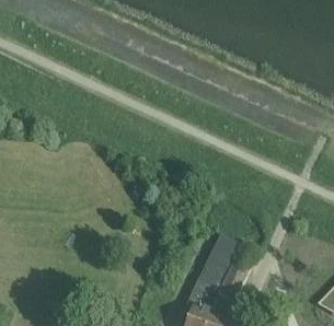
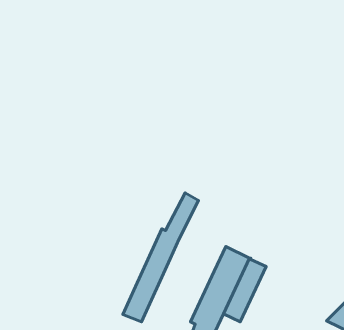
building: none -> [123,193,198,322]

